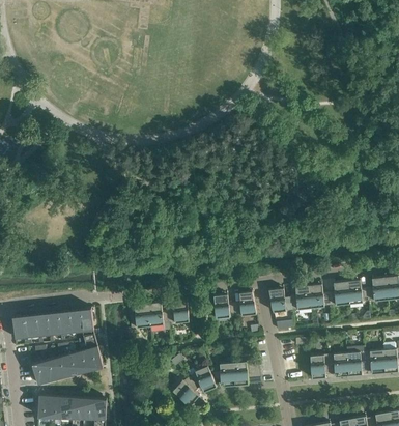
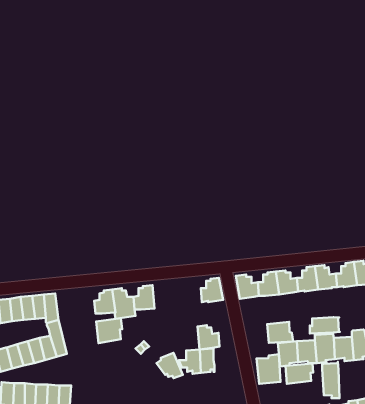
building: [213,294,235,318] -> [197,325,220,350]
building: none -> [310,317,340,333]
building: none -> [96,318,122,343]
building: none -> [267,322,293,343]
building: none -> [257,354,281,384]
building: none -> [322,362,340,398]
building: none -> [286,363,313,384]
building: [173,376,198,405] -> none

